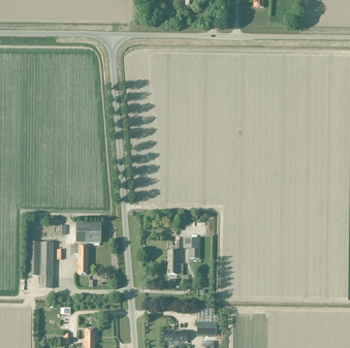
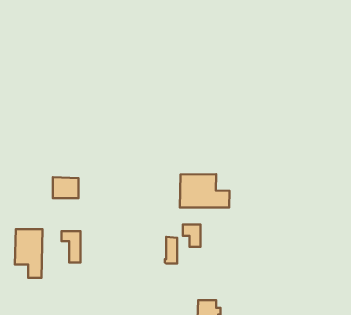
building: none -> [180,174,229,207]
building: [76,222,100,242] -> [53,177,78,198]

